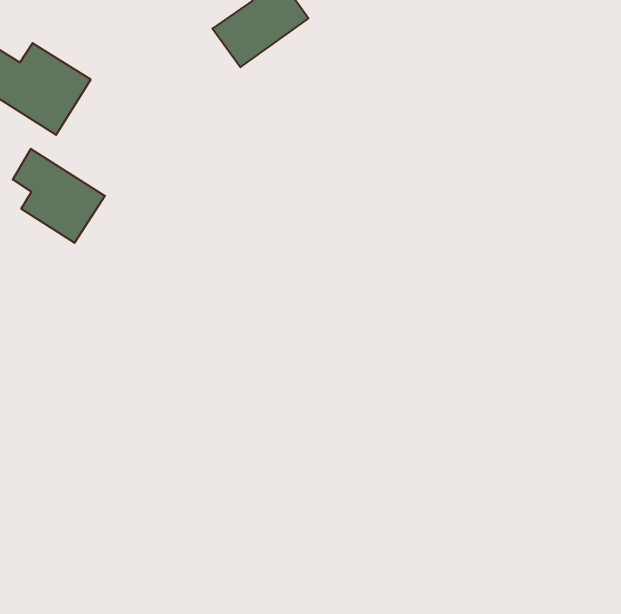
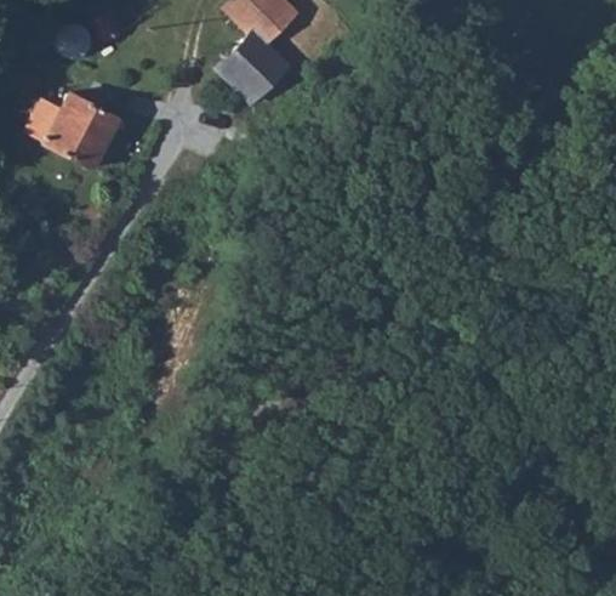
building: [13,149,105,243] -> none

